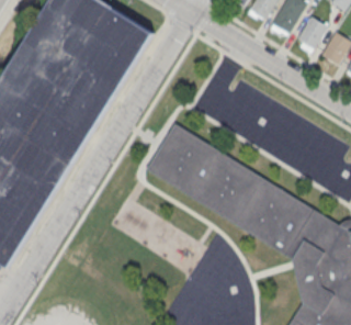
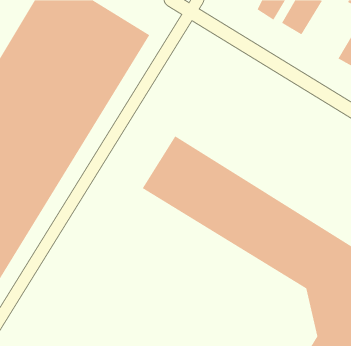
building: [295,15,326,47] -> none

